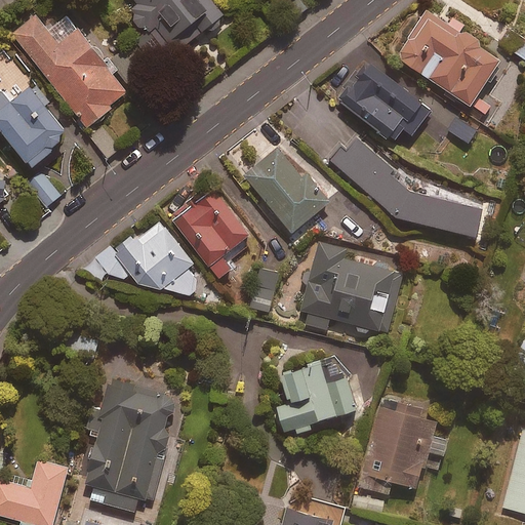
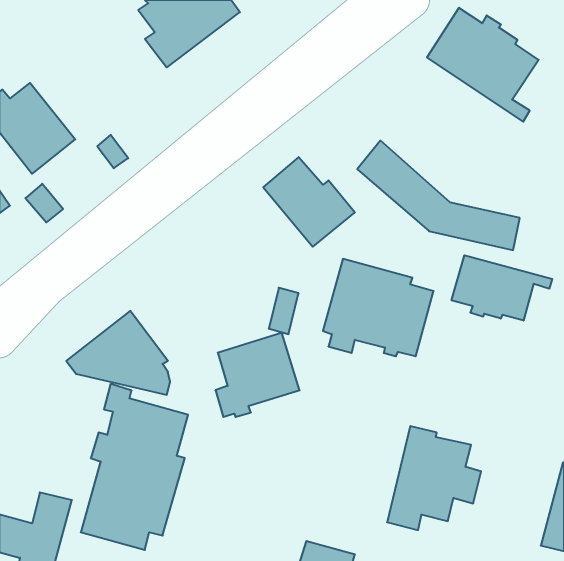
building: [12,18,127,129] -> none
building: [340,60,431,142] -> none
building: [170,187,248,279] -> none
building: [98,218,195,296] -> [66,311,170,395]
building: none -> [452,255,552,321]
building: [277,355,355,433] -> [215,333,300,417]

